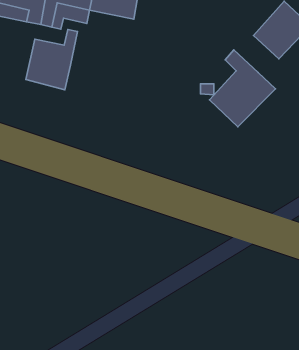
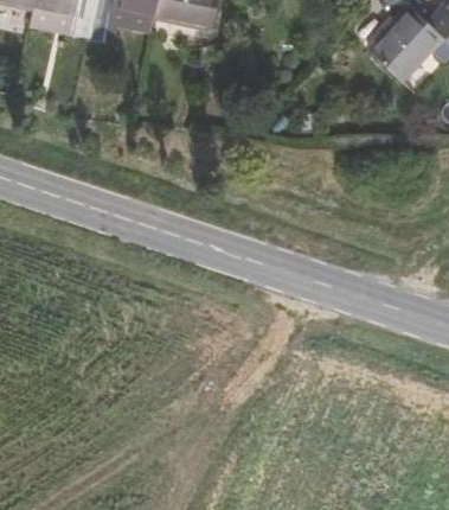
building: [26,30,78,90] -> none
building: [209,50,276,127] -> none

